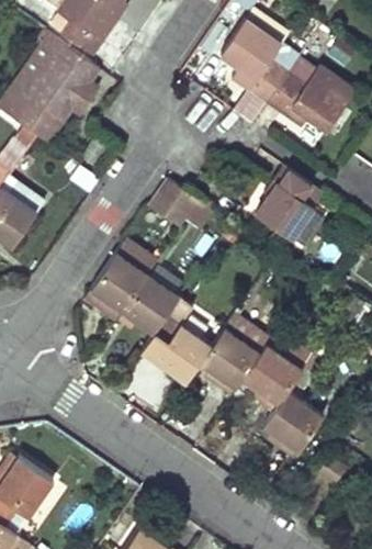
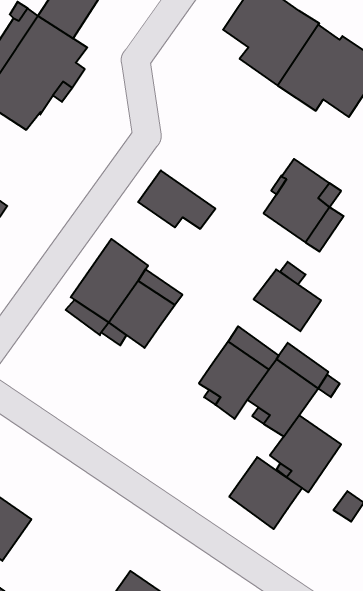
building: none -> [254,269,321,331]
building: [140,314,212,382] -> none
building: none -> [229,457,302,529]

